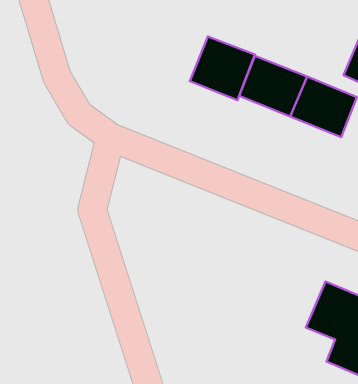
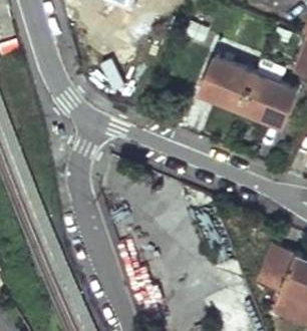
building: [190,37,255,100] -> none

